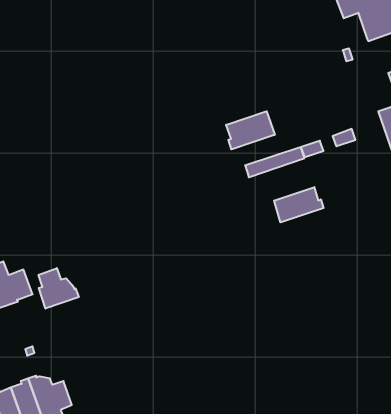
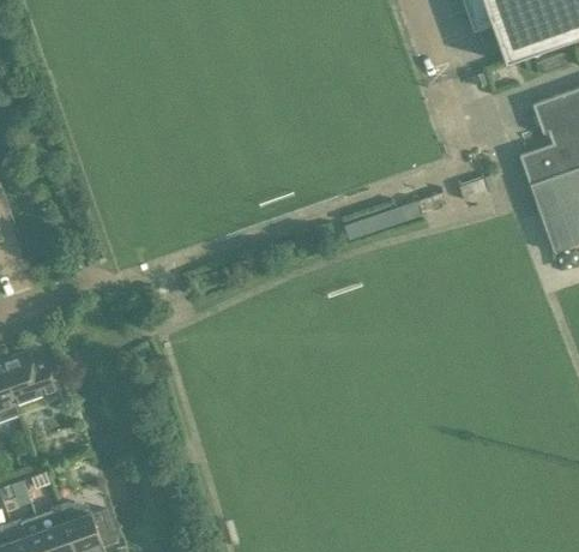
building: [226,111,275,149] -> none
building: [274,187,324,222] -> none
building: [39,268,79,309] -> none

